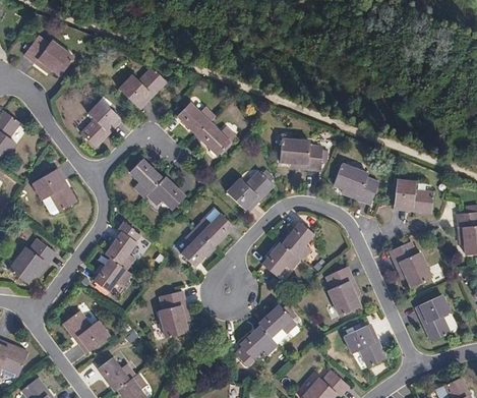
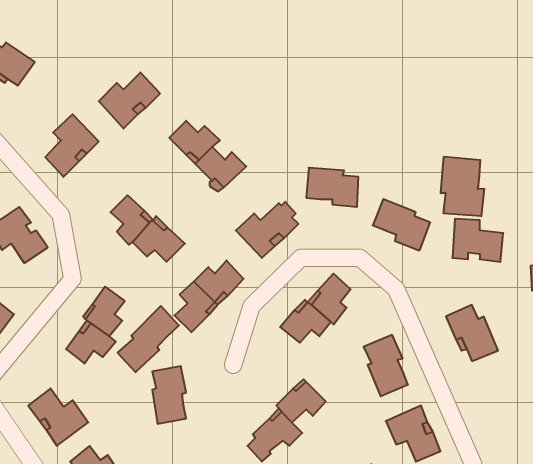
building: none -> [441,157,484,216]
building: none -> [118,306,179,372]
building: [416,295,452,343] -> none

